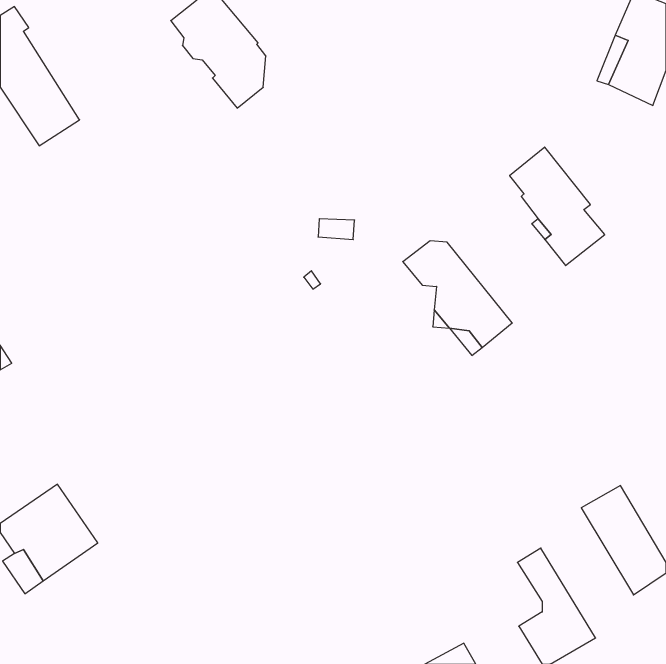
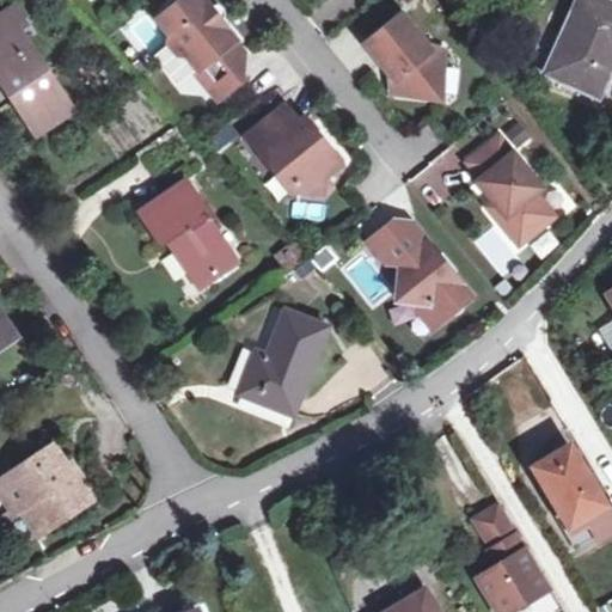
building: none -> [367,14,443,96]
building: none -> [247,105,339,194]
building: none -> [140,182,235,284]
building: none -> [240,311,326,410]

